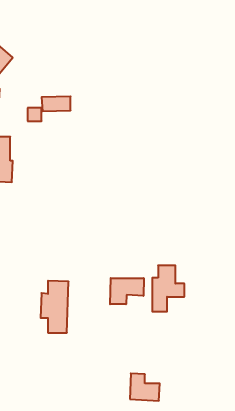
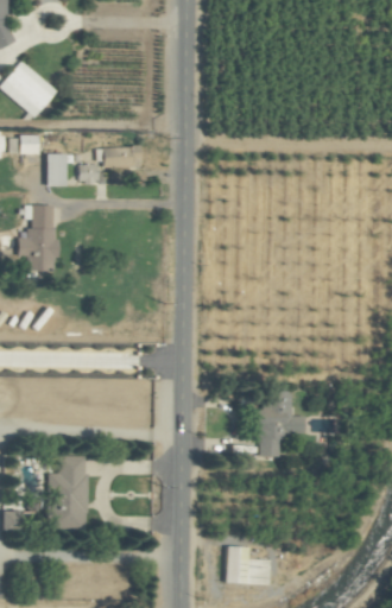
building: none -> [46,153,68,186]
building: [110,278,144,304] -> none
building: [41,281,69,333] -> [49,456,89,531]

